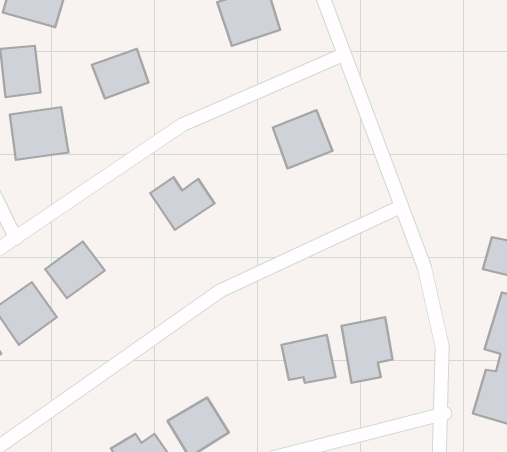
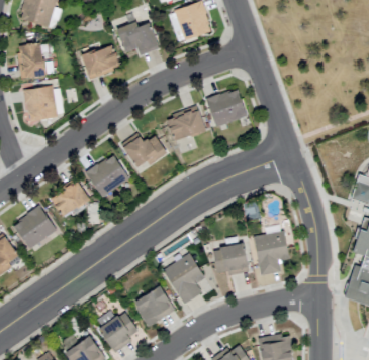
building: none -> [116,21,159,55]
building: none -> [165,106,206,141]
building: none -> [87,155,128,196]
building: none -> [163,253,205,304]

